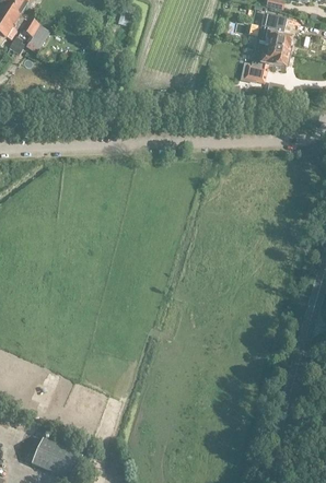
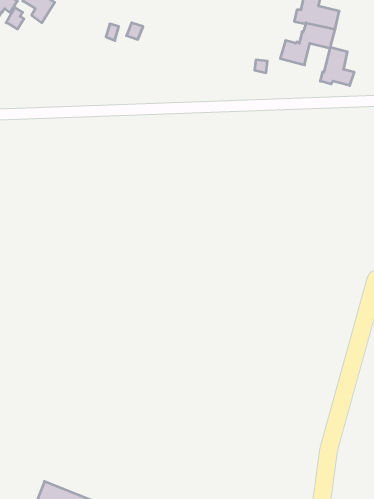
building: none -> [320,47,354,86]

